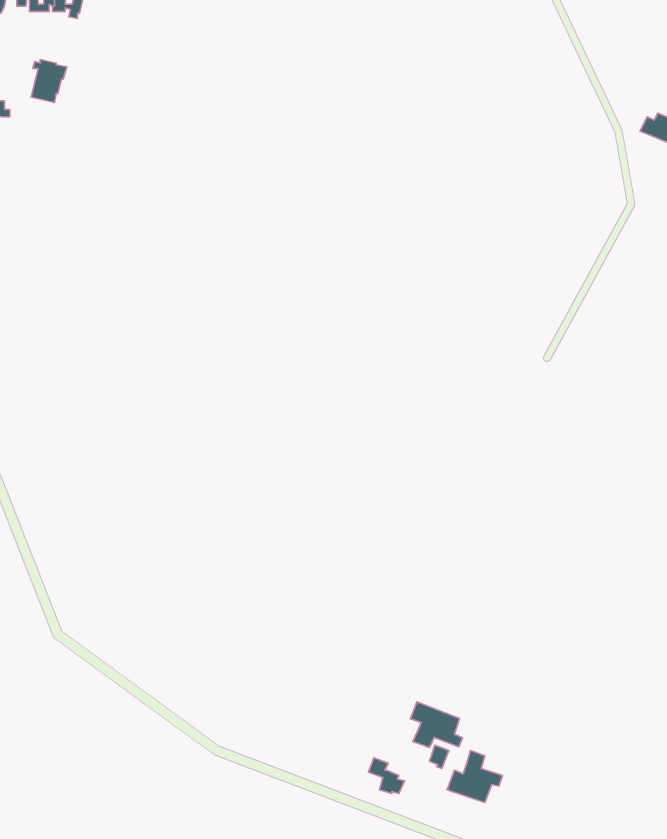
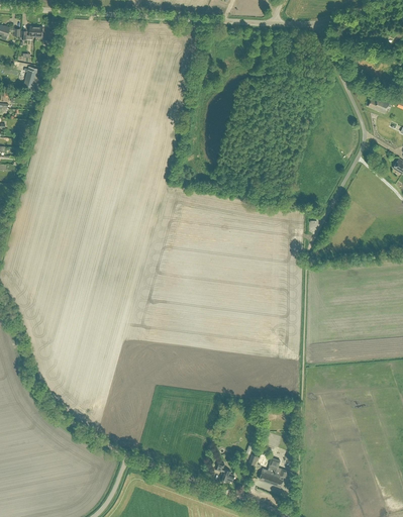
building: [411,702,462,748] -> none

